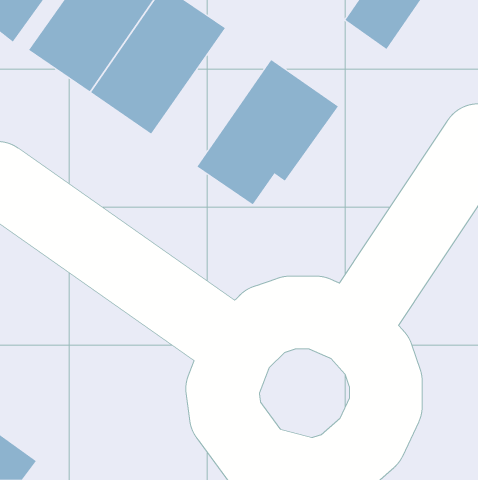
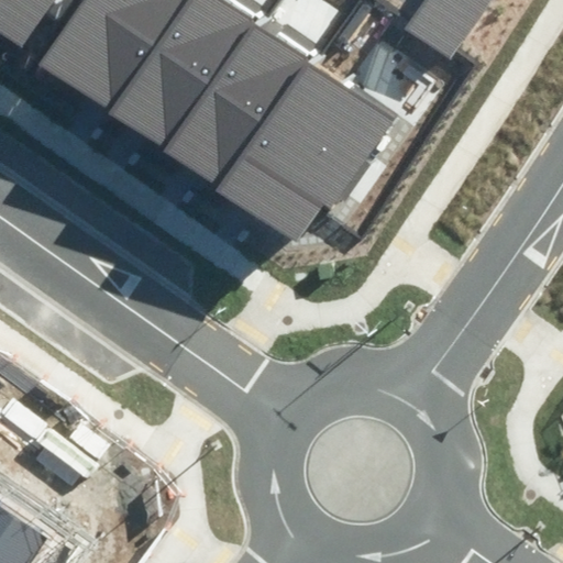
building: none -> [177,33,317,195]

